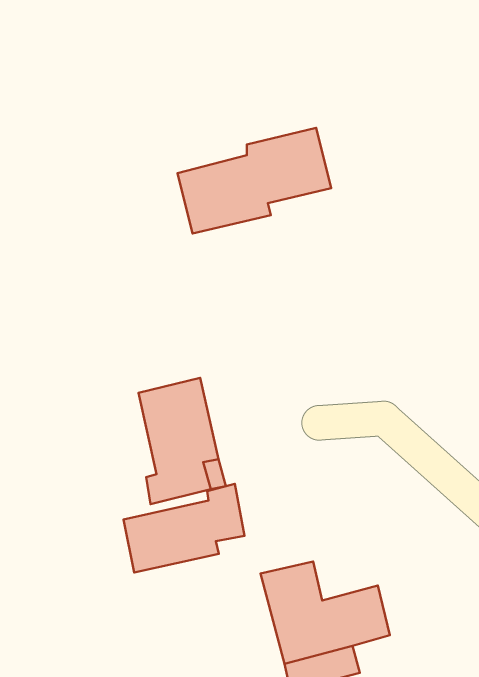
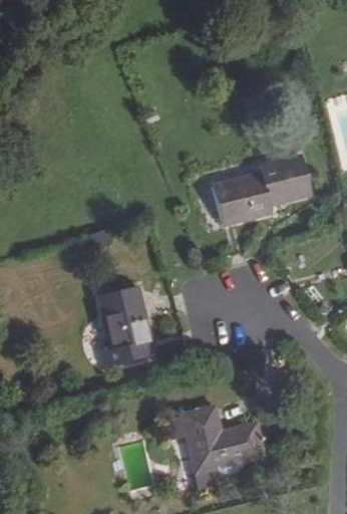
building: [178,128,331,233] -> [211,155,313,225]
building: [124,484,245,573] -> none

